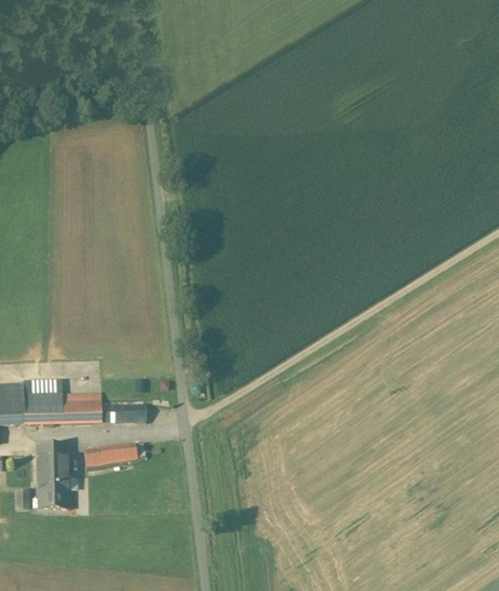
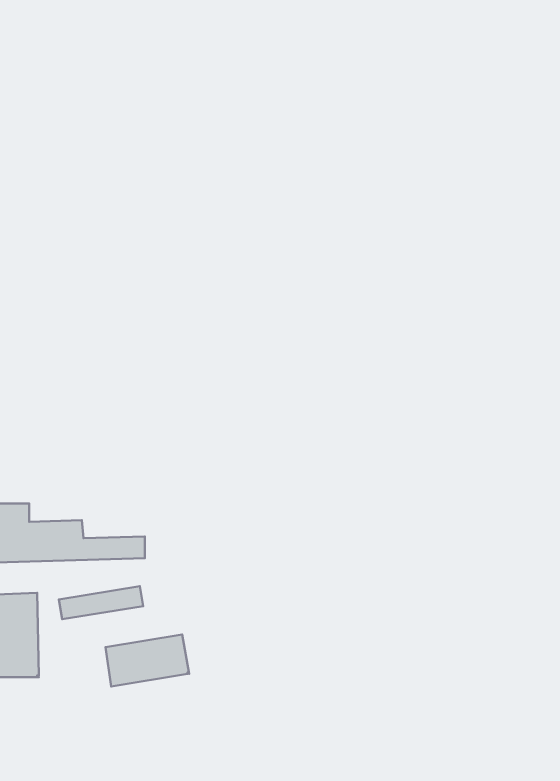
building: none -> [106,635,189,686]

